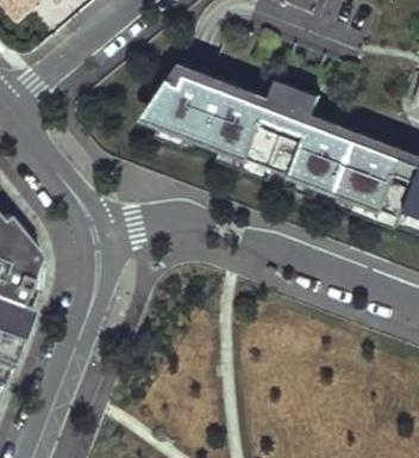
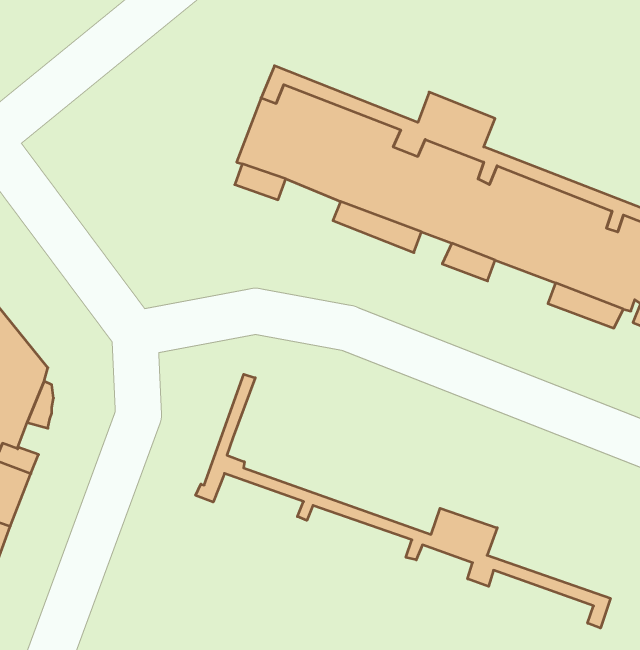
building: none -> [196,374,610,628]

